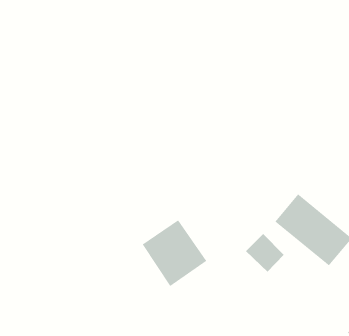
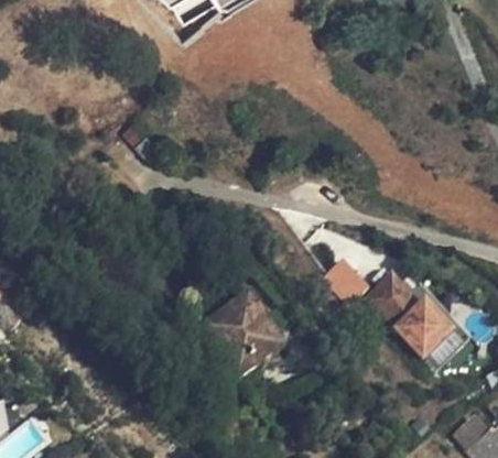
building: [245,233,285,273] -> [320,257,368,305]

